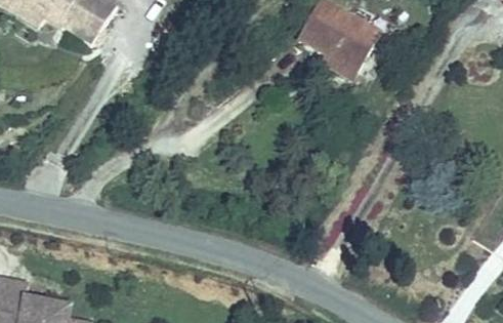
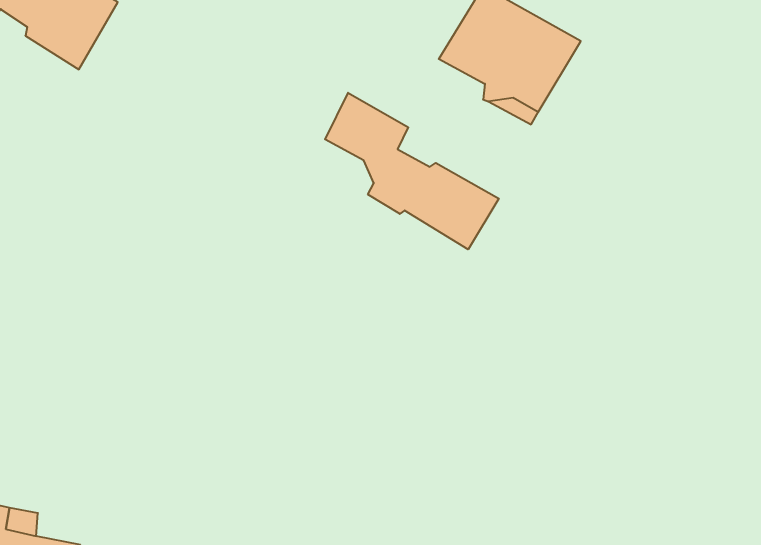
building: none -> [325,93,499,249]

